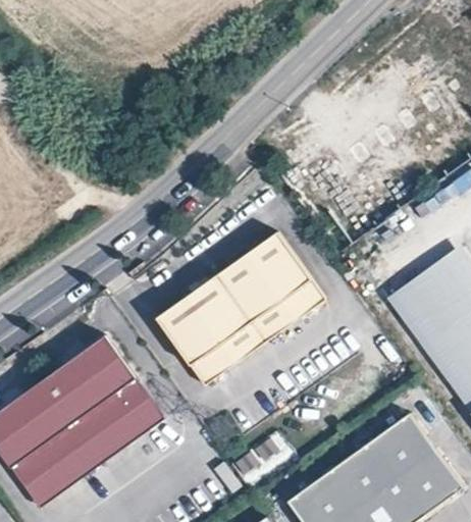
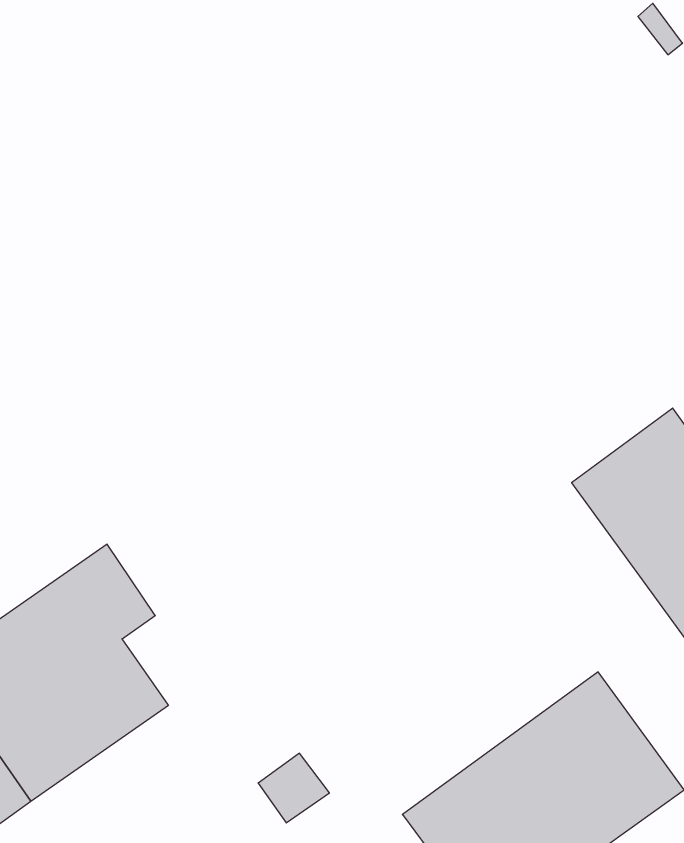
building: [155,233,324,387] -> none
building: [115,378,165,433] -> none

